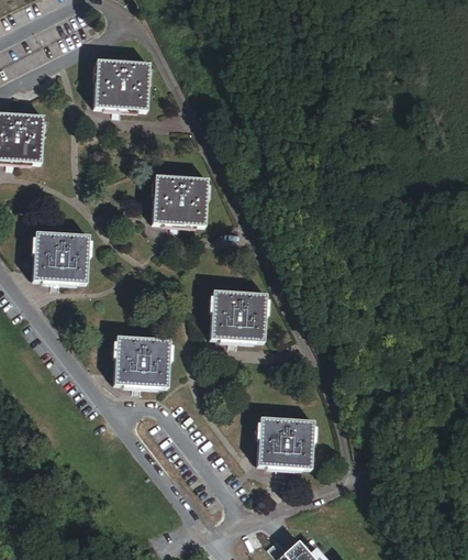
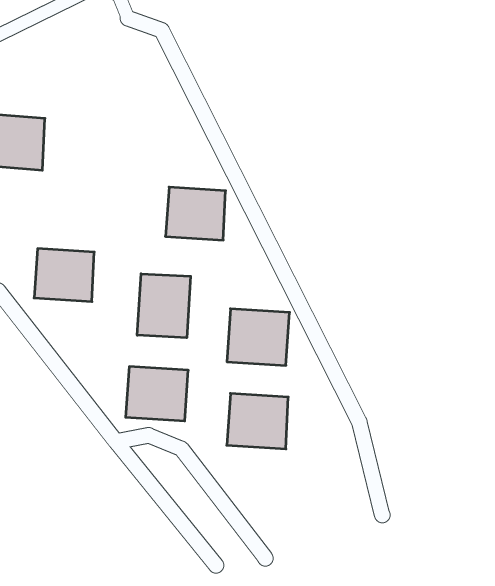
building: [92,59,148,109] -> none
building: none -> [137,274,191,338]
building: [259,422,315,473] -> [227,393,288,449]

